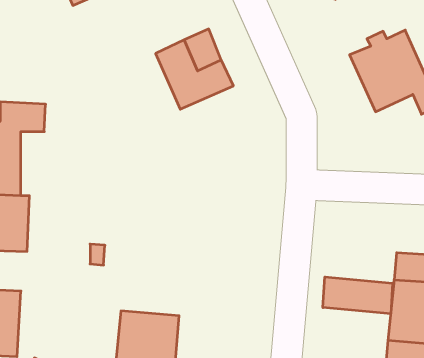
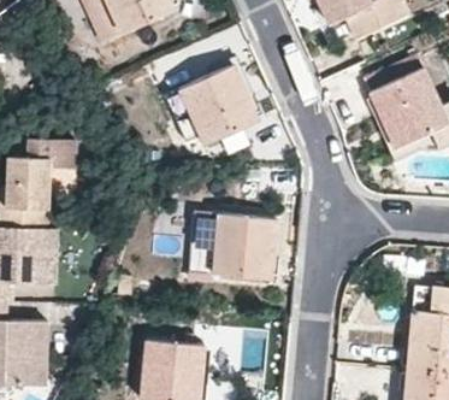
building: none -> [188,212,276,282]
building: [323,277,393,314] -> none

